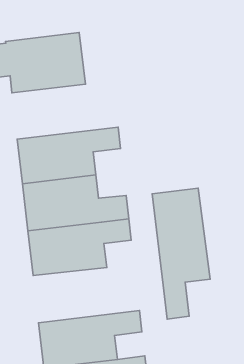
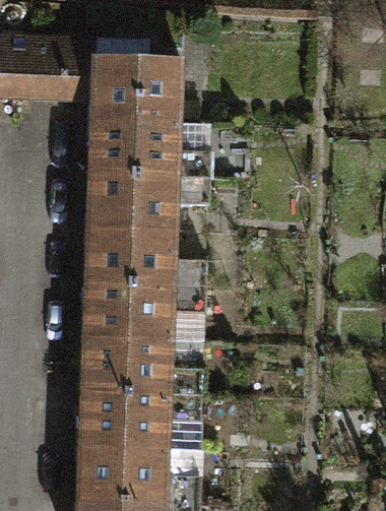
building: none -> [87,122,208,181]
building: [152,188,210,319] -> none
building: none -> [79,338,201,398]

